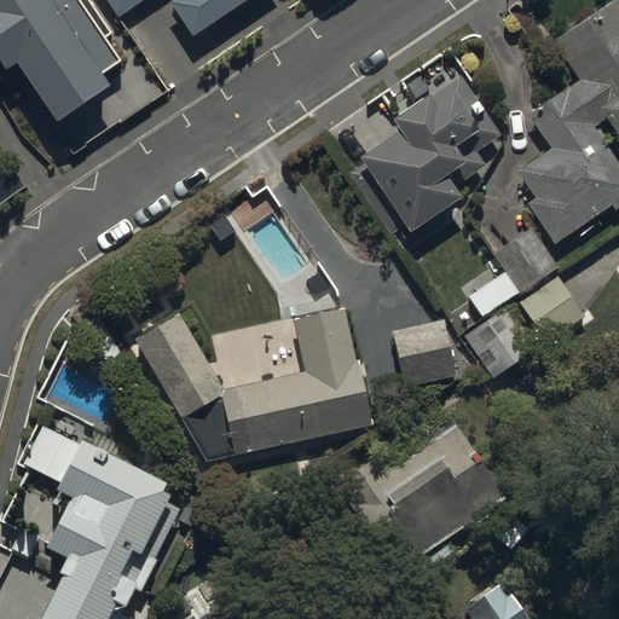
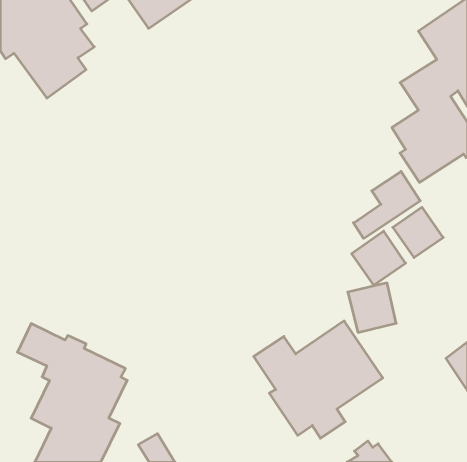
building: [349,76,501,238] -> none
building: [135,307,371,463] -> none
building: [393,322,457,387] -> [348,283,396,332]

